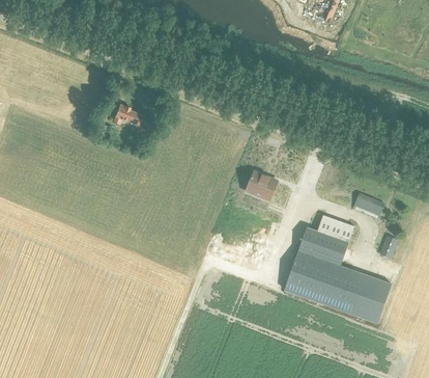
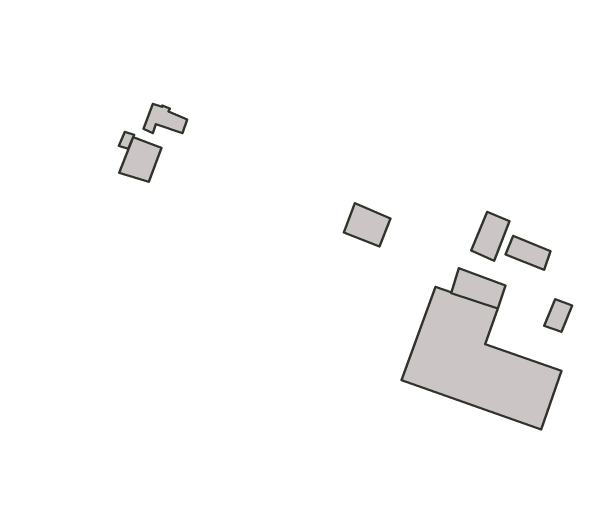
building: none -> [119,137,162,182]
building: none -> [471,212,510,261]

